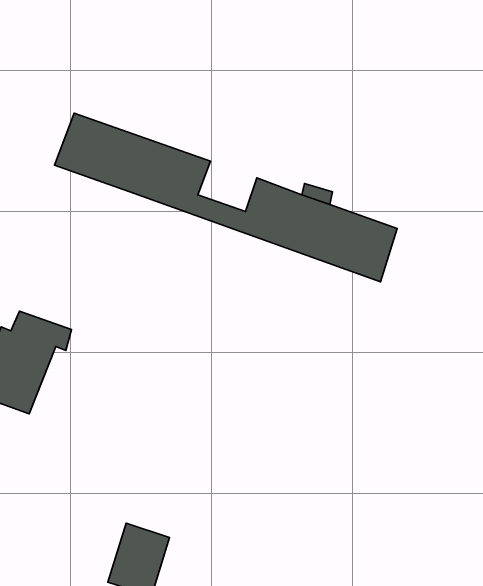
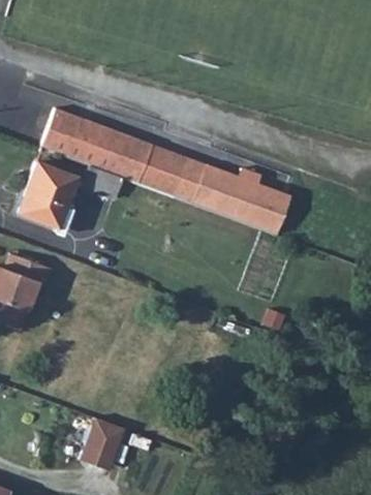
building: none -> [147,147,190,184]
building: none -> [14,160,74,226]

